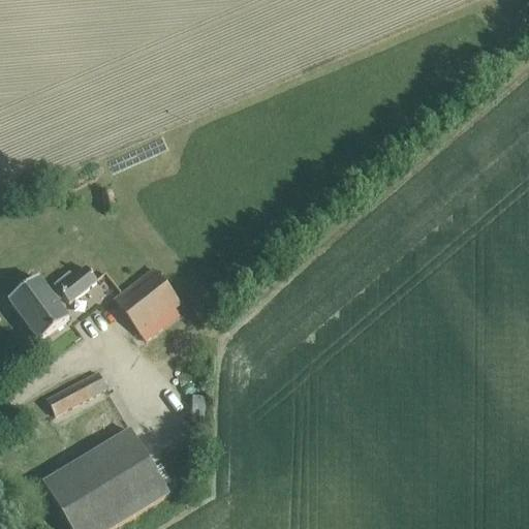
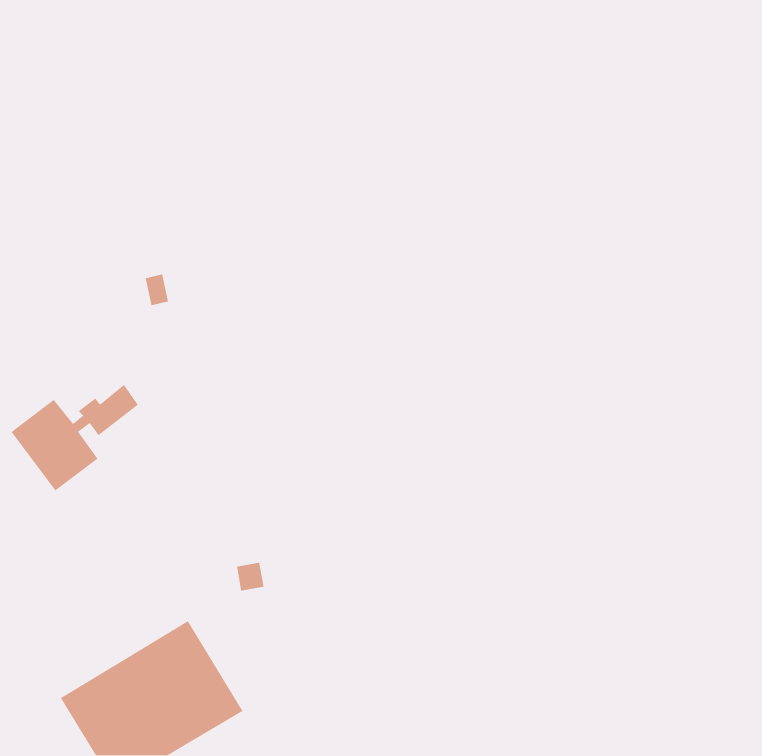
building: [115,268,180,339] -> none
building: [46,371,106,414] -> none

